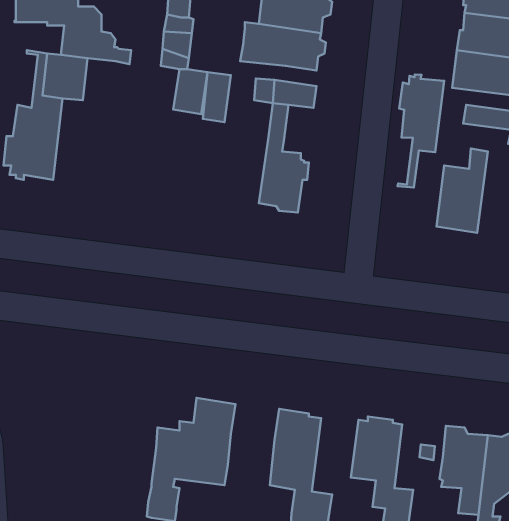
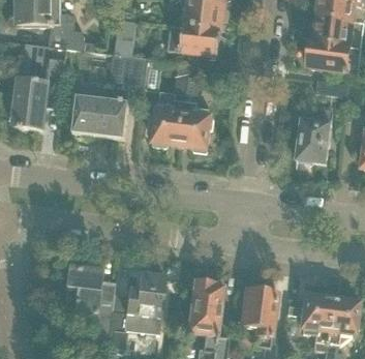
building: [398,74,444,188] -> none
building: none -> [72,85,129,138]
building: none -> [153,93,186,146]
building: none -> [63,264,112,342]

